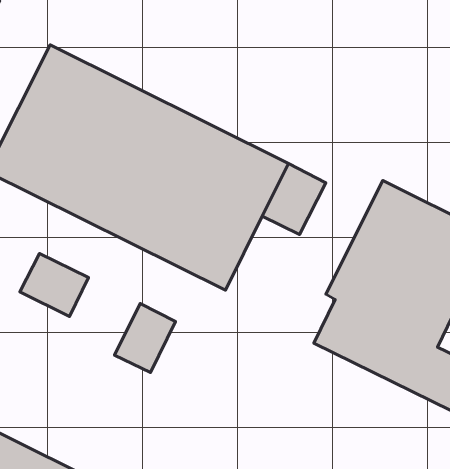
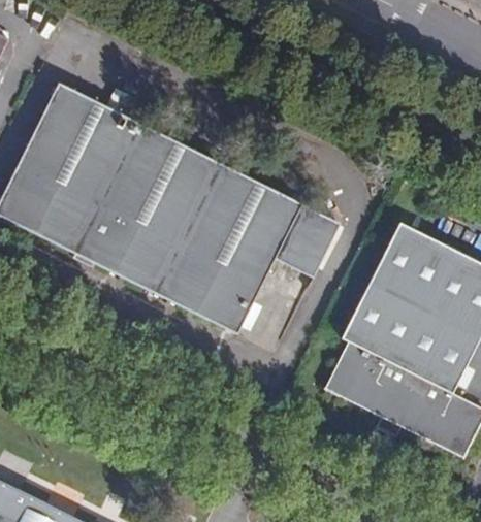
building: [20,254,88,317] -> none
building: [114,303,175,373] -> none

